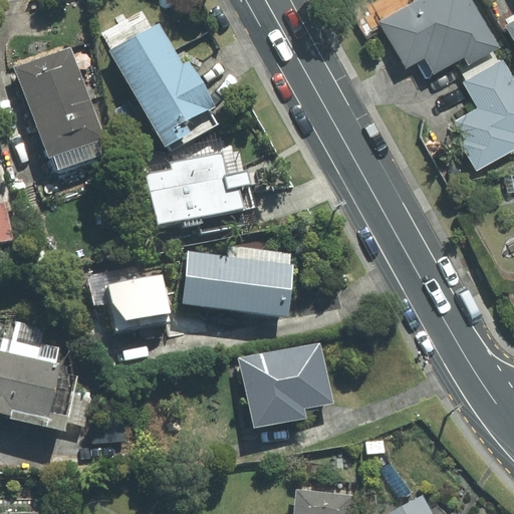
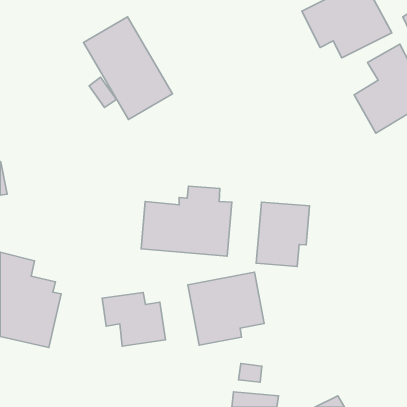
building: [14,50,102,170] -> none
building: [148,146,252,225] -> none
building: none -> [256,202,310,266]
building: [88,264,168,331] -> [102,292,166,346]

